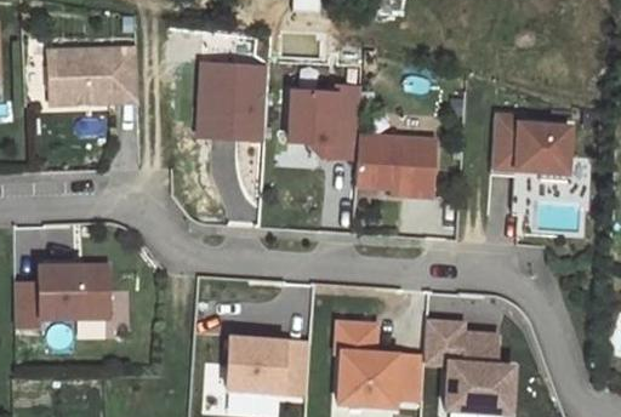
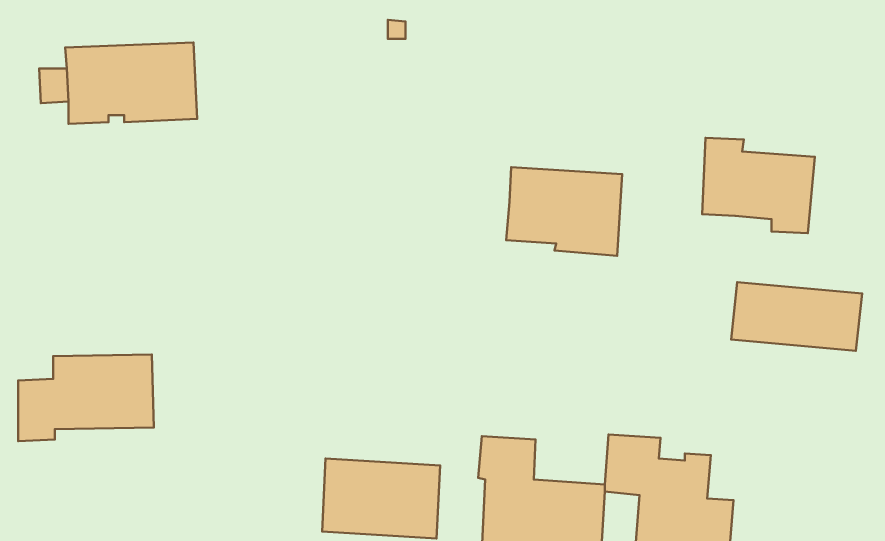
building: [196,62,268,141] -> none
building: [287,85,360,159] -> none
building: none -> [731,282,862,351]

